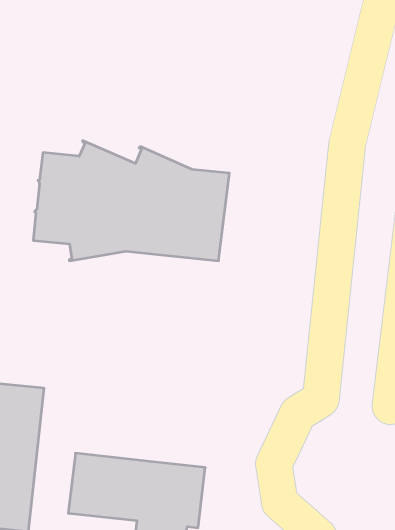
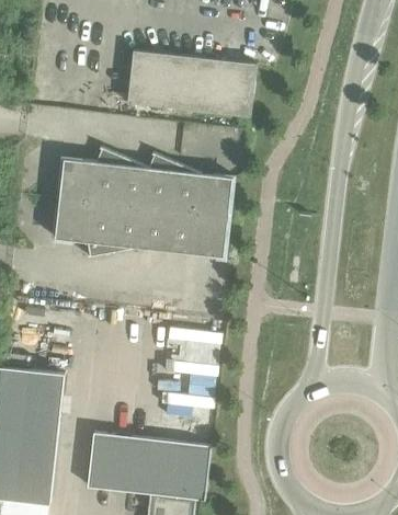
building: none -> [127,50,258,118]

